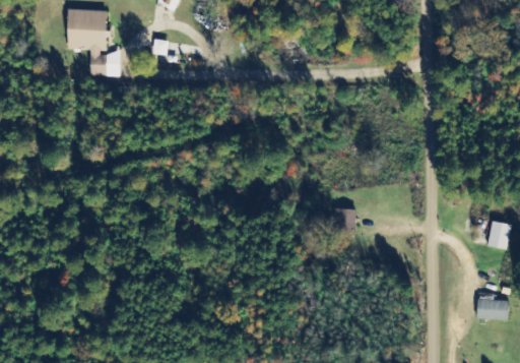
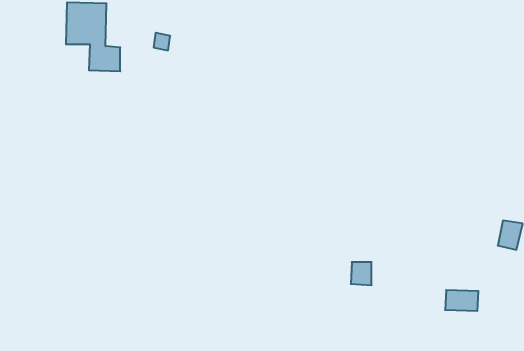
building: [335,208,355,231] -> [351,262,372,285]
building: [476,299,509,319] -> [445,290,478,311]

